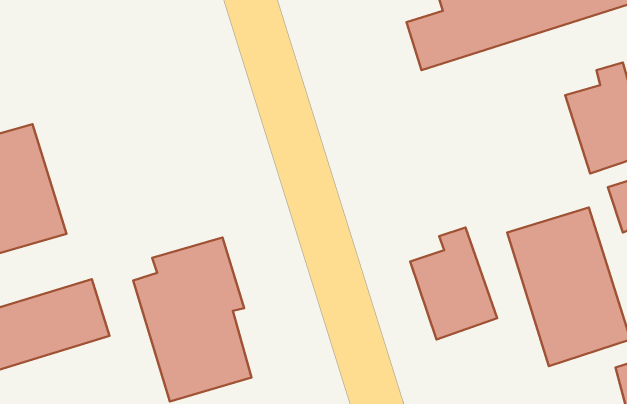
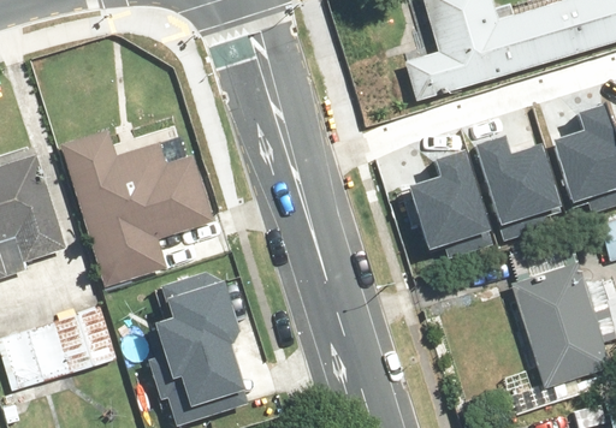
building: none -> [57,130,218,291]
building: none -> [474,136,563,232]
building: [410,227,497,340] -> [408,148,491,255]

